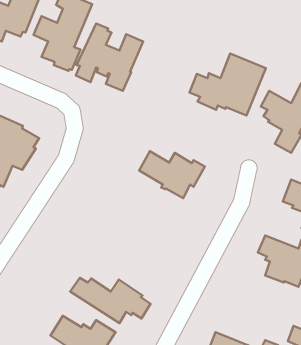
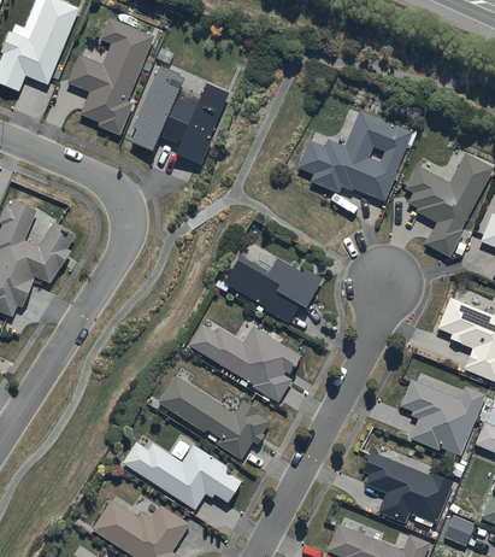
building: none -> [188,323,301,403]
building: none -> [158,375,270,459]
building: none -> [363,451,453,523]

